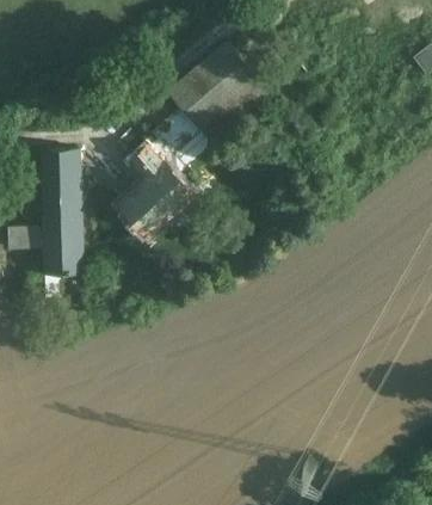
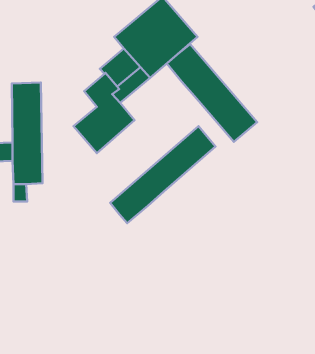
building: none -> [167,44,257,142]
building: none -> [110,126,216,223]

